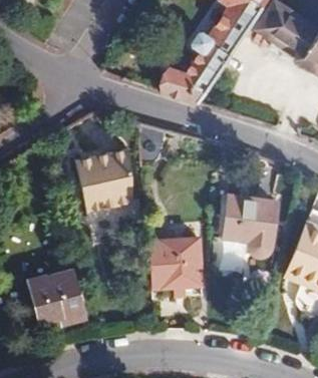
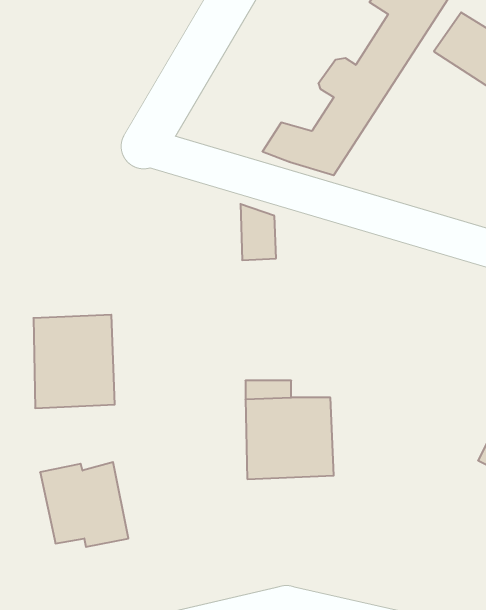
building: [87,147,135,203] -> [33,315,115,408]
building: [223,199,276,259] -> none

